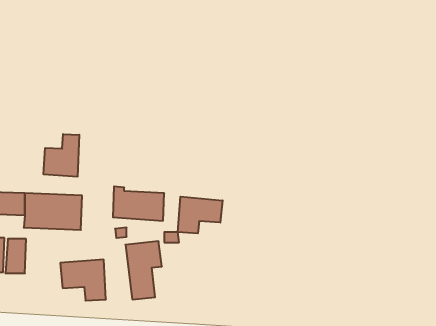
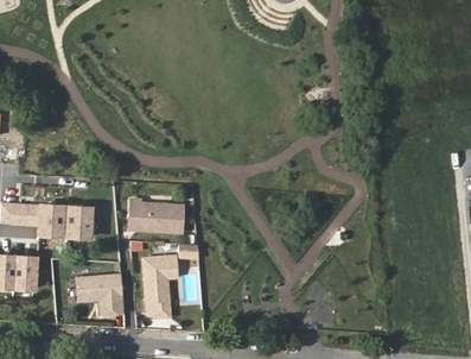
building: [44,134,79,177] -> none
building: [178,197,223,233] -> none

